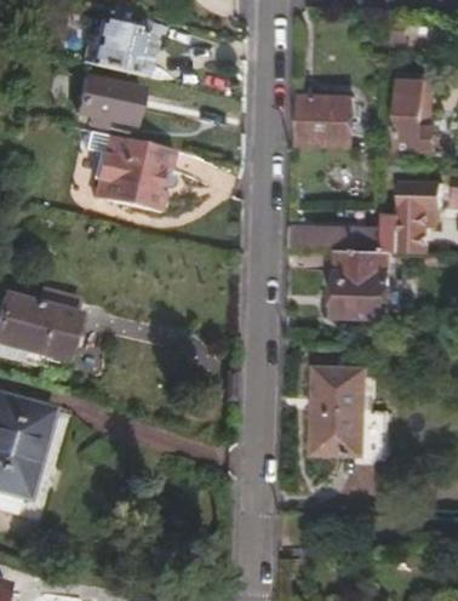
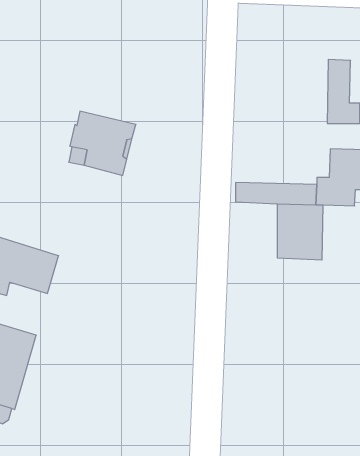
building: [87,21,149,76] -> none
building: [71,78,138,125] -> none
building: [299,97,351,148] -> none
building: [315,367,371,451] -> none

